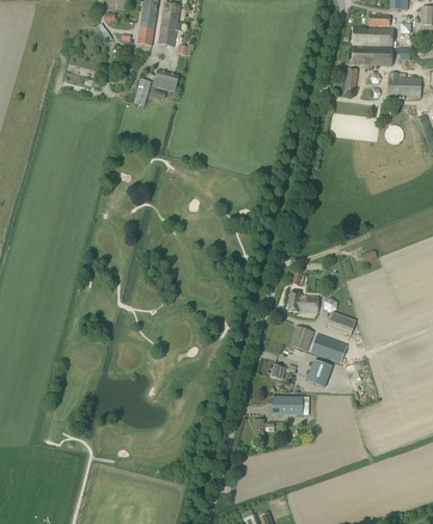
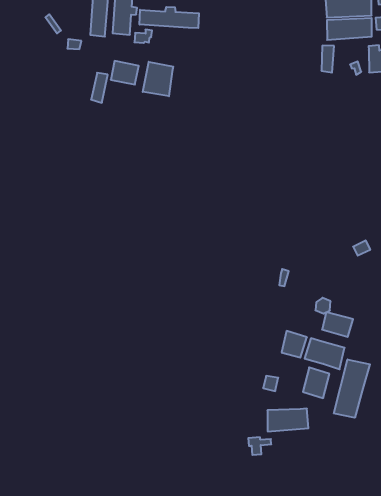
building: none -> [140,7,199,28]
building: none -> [143,62,173,96]
building: [288,292,318,313] -> none
building: none -> [334,359,370,418]

